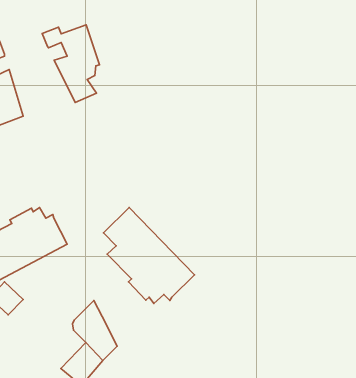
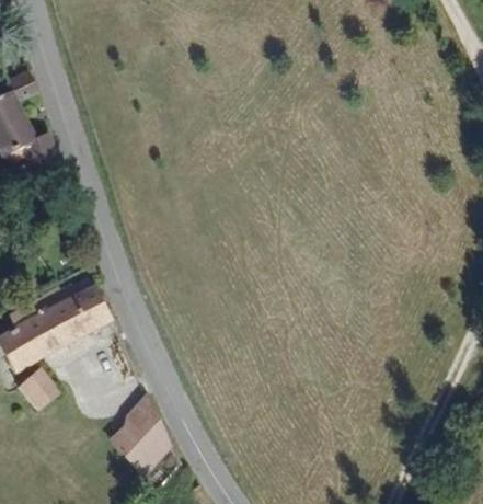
building: [42,25,99,103] -> none
building: [104,208,194,304] -> none

